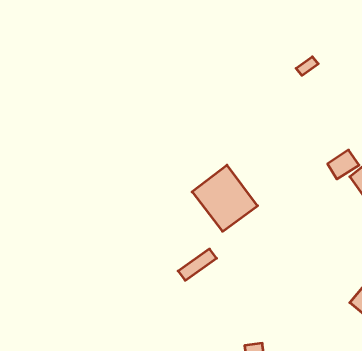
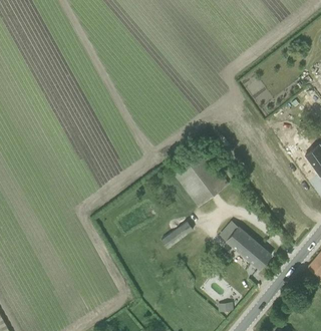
building: none -> [221,223,271,270]

